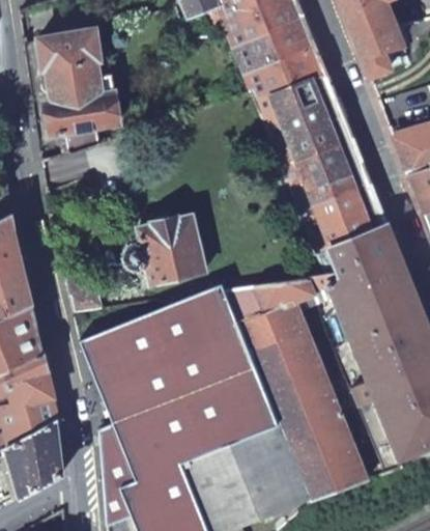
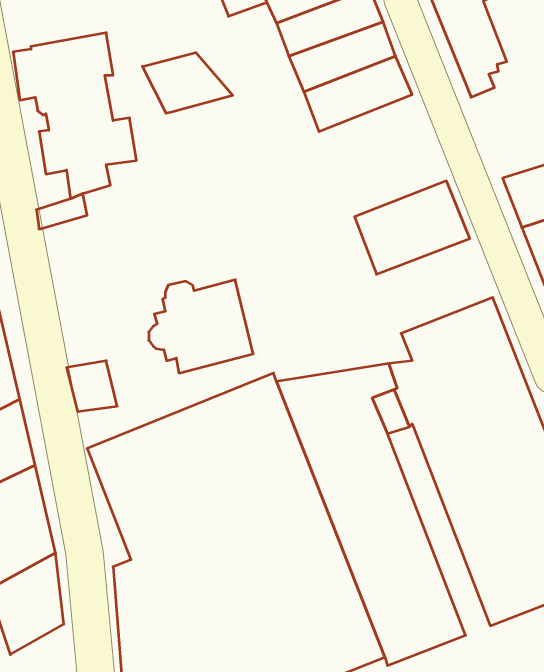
building: none -> [142,53,233,113]
building: [257,73,353,165] -> none
building: [300,181,389,253] -> none

